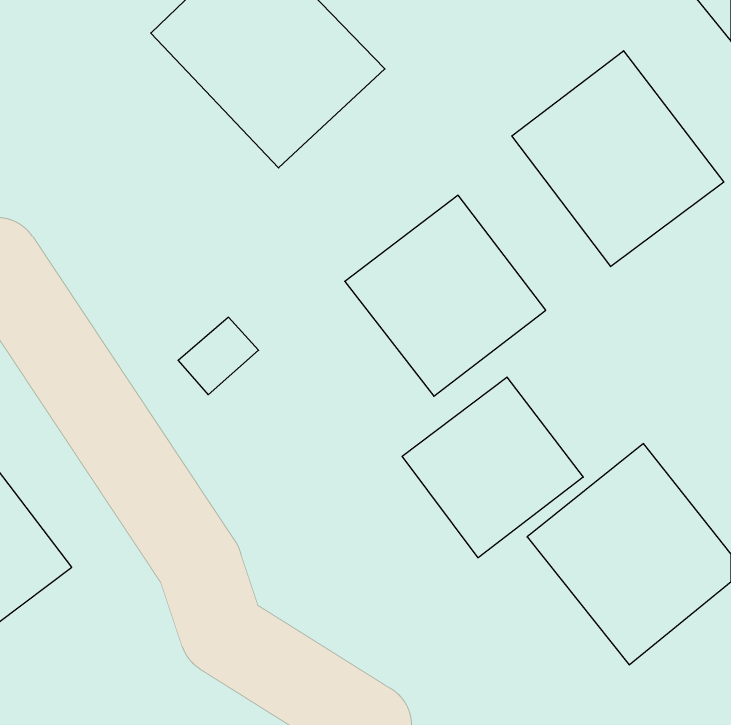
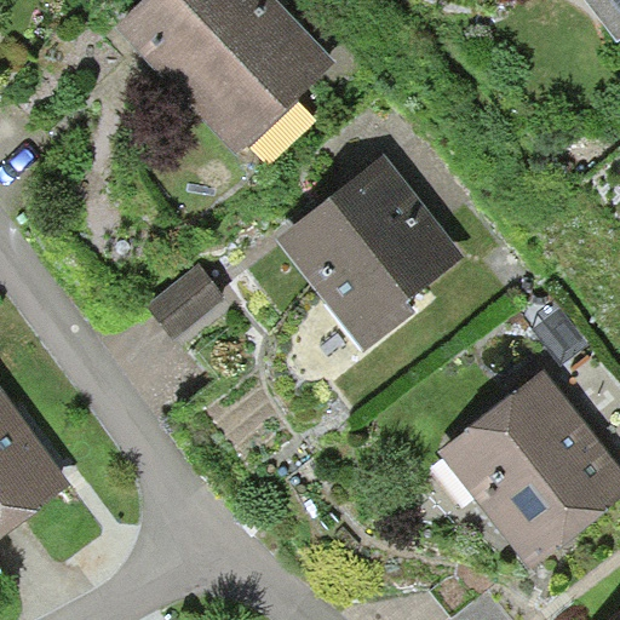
building: [512,51,724,267] -> none
building: [402,377,583,558] -> none

